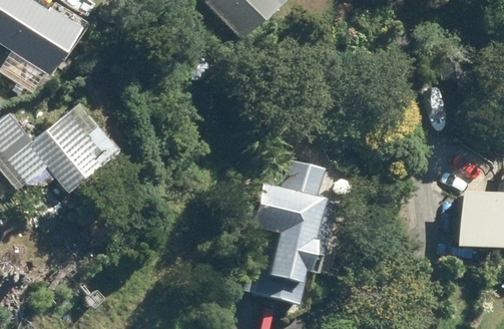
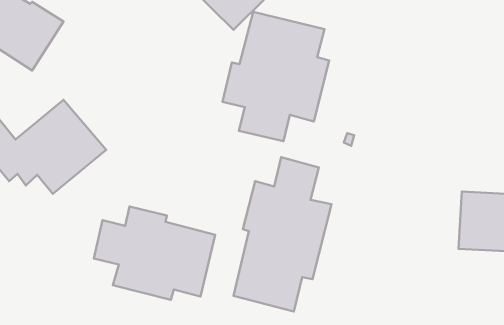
building: none -> [223,12,329,141]
building: none -> [94,207,215,300]

